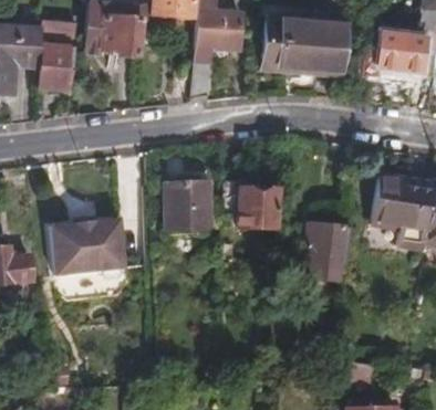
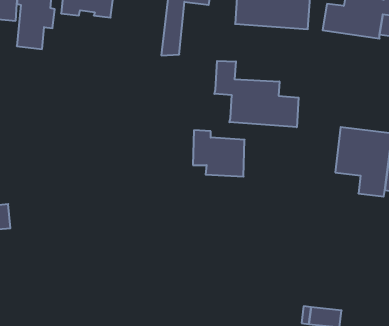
building: none -> [214,61,299,127]
building: [169,178,212,227] -> none
building: [51,220,125,280] -> none
building: [303,221,345,277] -> none

